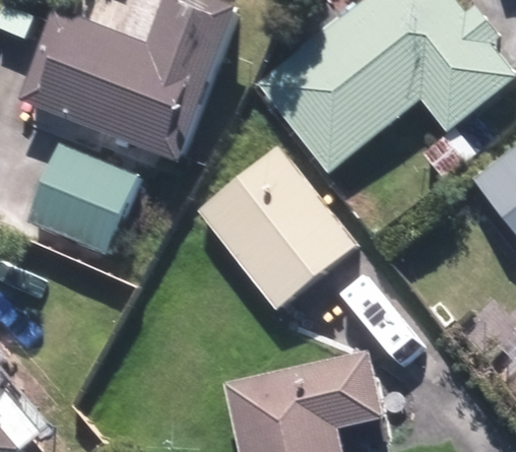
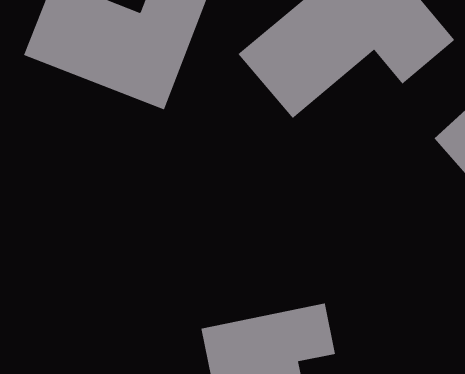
building: [26,150,138,250] -> none
building: [198,151,347,305] -> none

